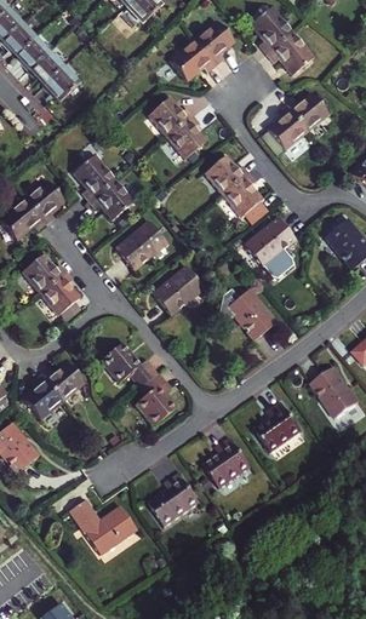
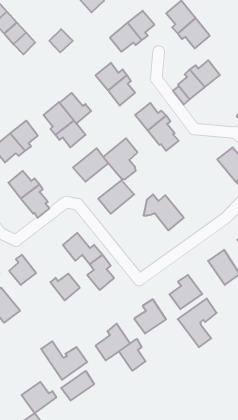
building: [44,67,78,101] -> [49,29,73,52]
building: none -> [60,93,91,124]
building: [245,217,294,276] -> [103,138,137,179]
building: [41,361,84,400] -> [50,274,80,300]
building: none -> [178,298,217,347]
building: none -> [119,339,146,371]
building: none -> [61,371,94,401]
building: none -> [22,382,56,413]

